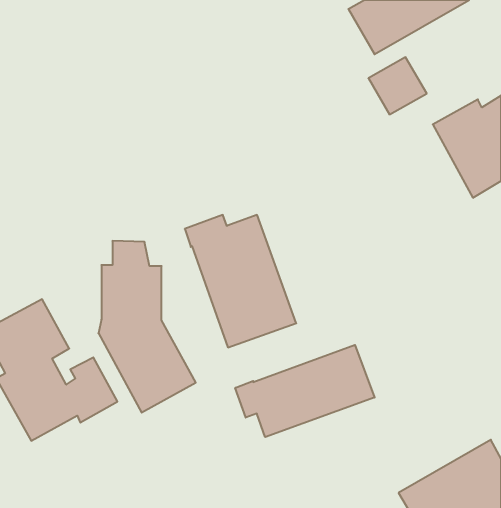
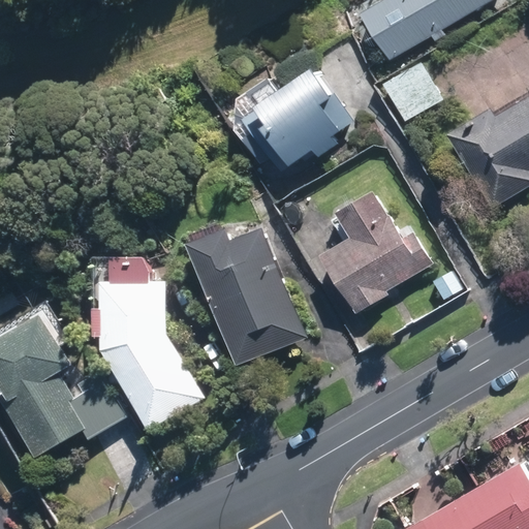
building: none -> [241,66,353,172]
building: none -> [321,190,430,314]
building: [235,345,375,437] -> none

